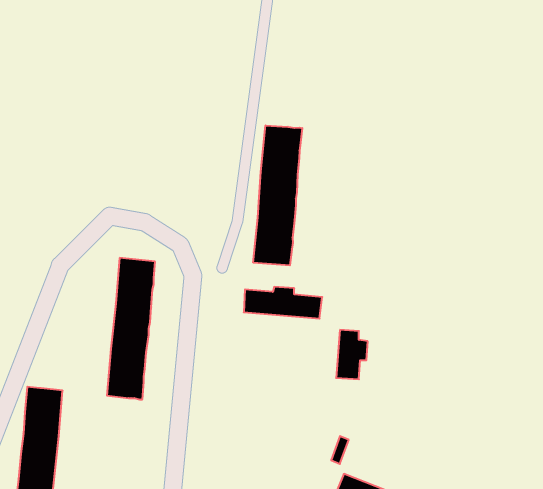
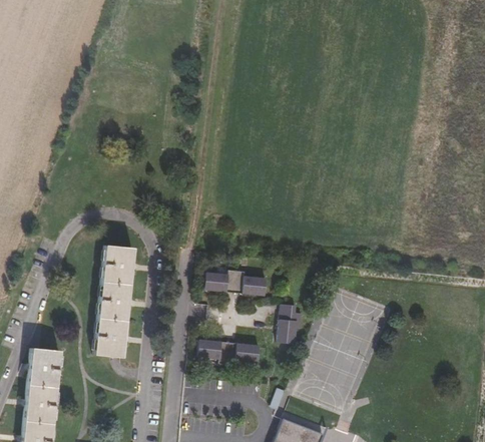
building: [253,125,302,265] -> none
building: none -> [197,340,259,365]

